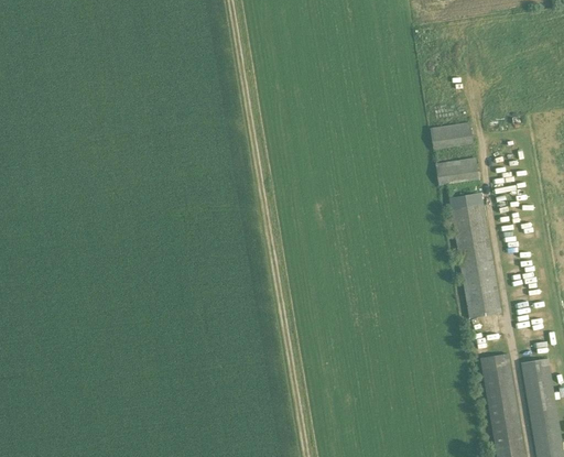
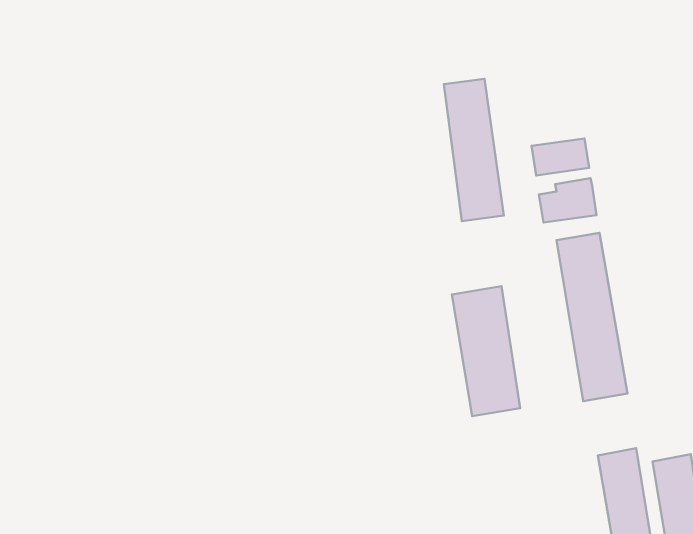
building: none -> [444,79,504,221]
building: none -> [452,286,520,416]

